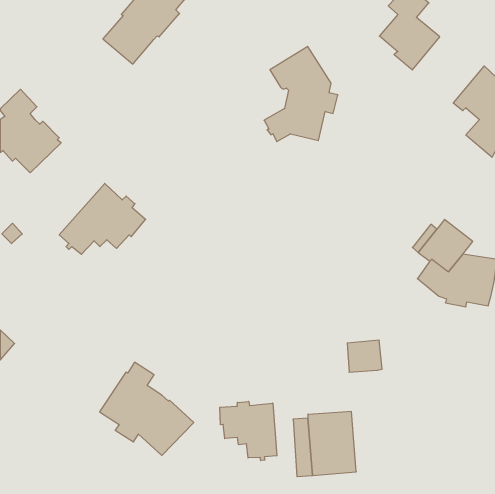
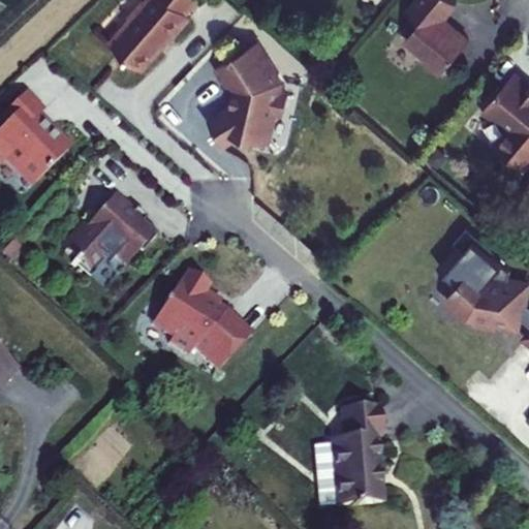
building: [264,46,338,142] -> [211,40,289,142]
building: [347,340,382,372] -> [343,406,380,440]
building: [100,362,194,455] -> [151,271,251,370]
building: [220,401,277,461] -> none

